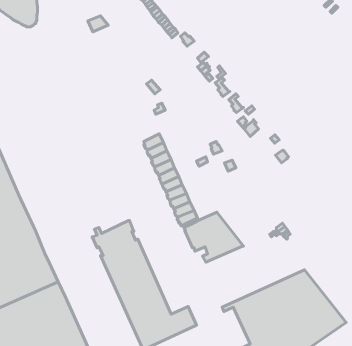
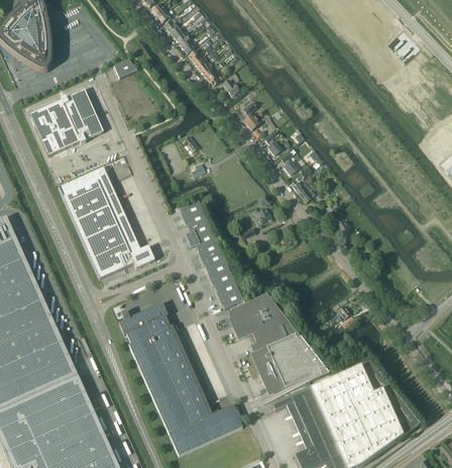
building: none -> [29,89,103,156]
building: none -> [59,167,154,278]
building: none -> [251,333,329,396]

